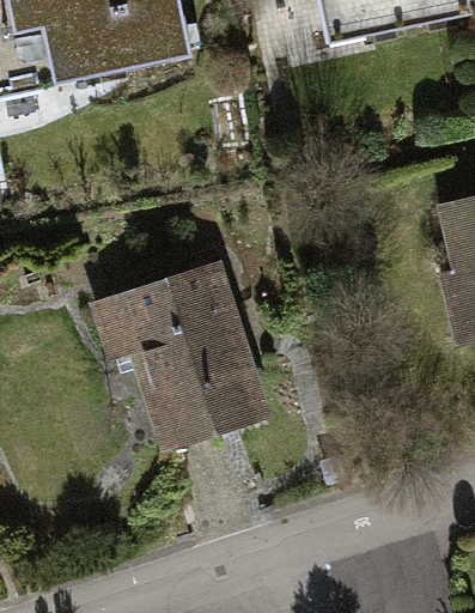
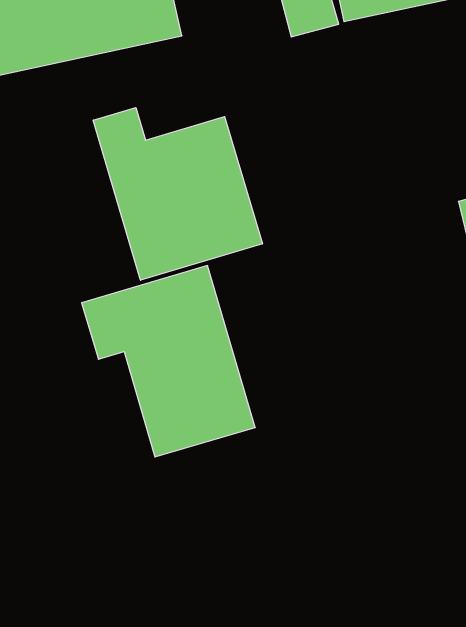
building: none -> [93,108,262,280]

